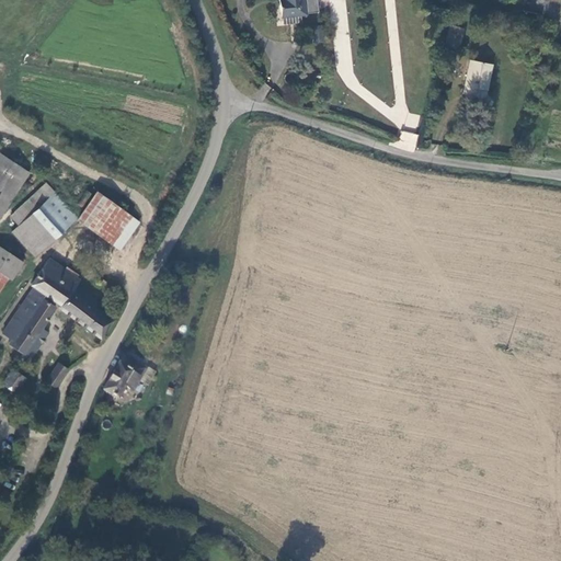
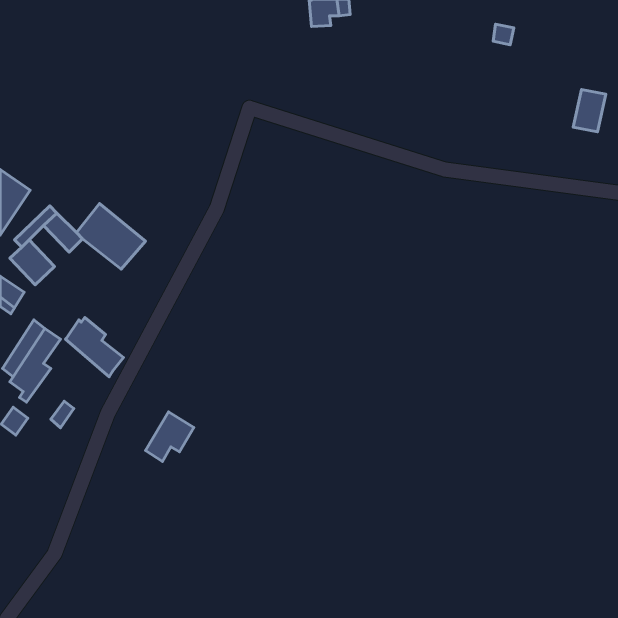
building: [463,58,493,96] -> [573,89,606,132]
building: [27,204,64,241] -> none
building: [31,259,79,306] -> none
building: [102,356,146,401] -> [145,412,194,461]

